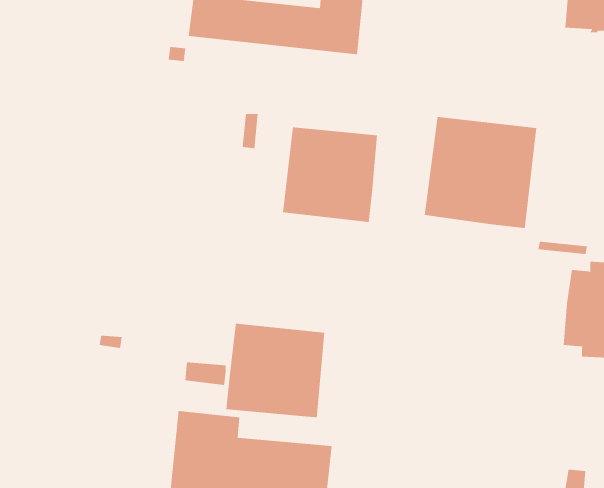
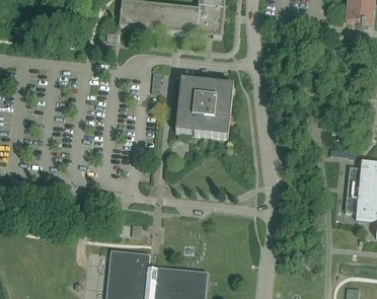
building: [424,116,537,229] -> none
building: [226,323,325,418] -> none

